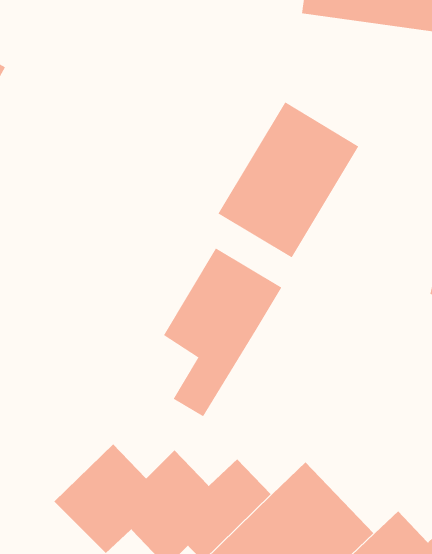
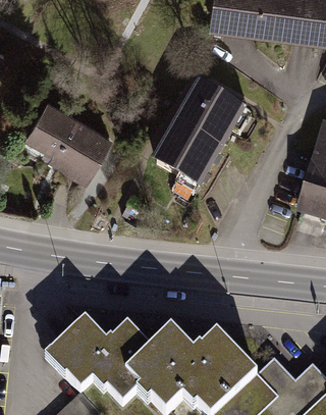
building: none -> [26,103,116,179]
building: [163,247,282,417] -> none

